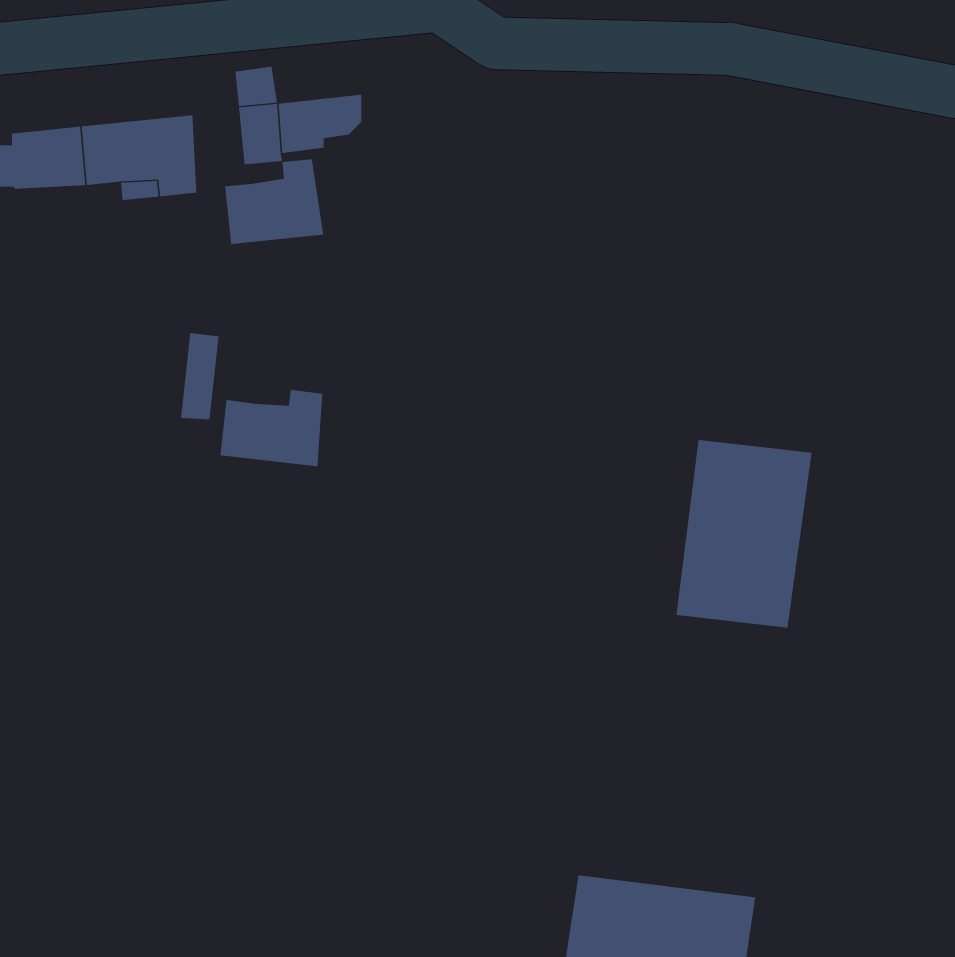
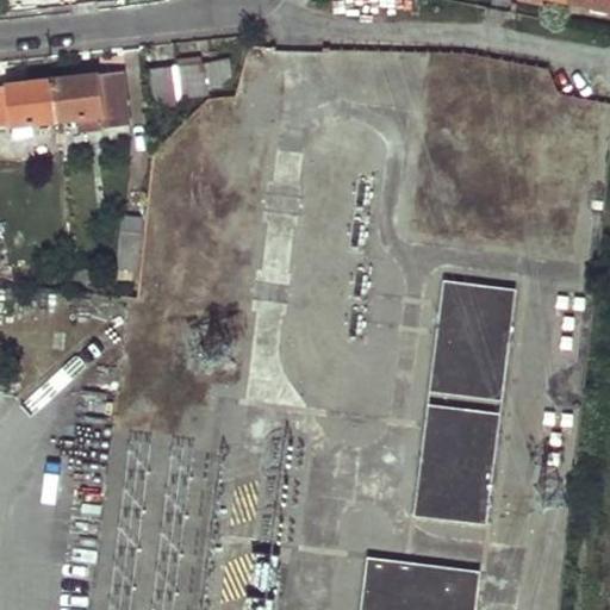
building: [224,158,324,245] -> none
building: [220,389,323,467] -> none
building: none -> [412,404,499,525]

